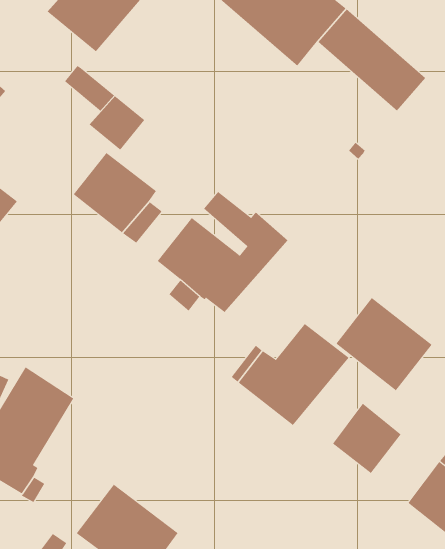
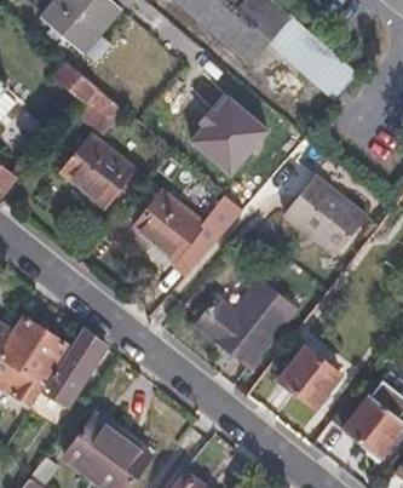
building: none -> [186,88,257,159]
building: [335,297,432,391] -> [283,176,364,254]
building: none -> [41,327,105,406]

